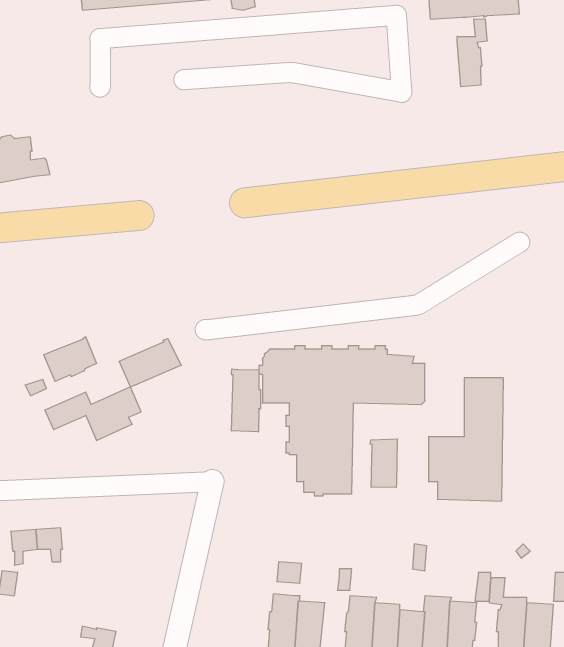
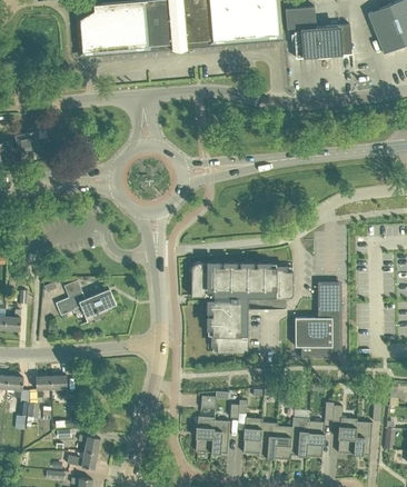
building: [457,19,487,87] -> none
building: [44,337,96,381] -> none
building: [119,339,181,387] -> none
building: [231,369,261,432] -> none
building: [370,439,397,488] -> none

